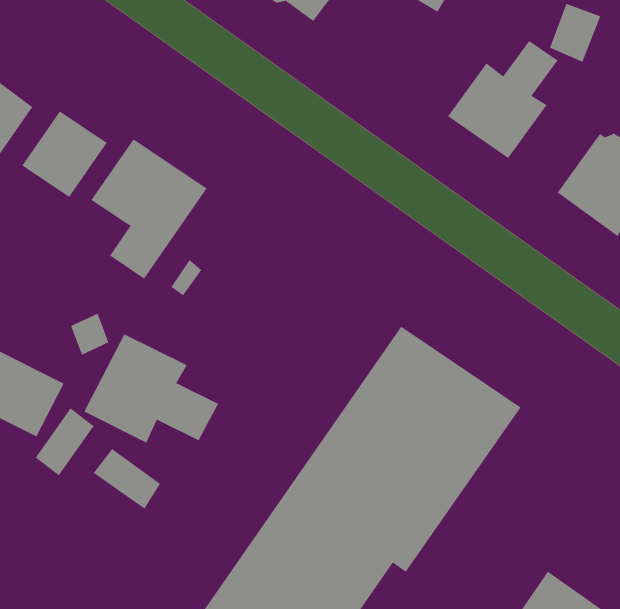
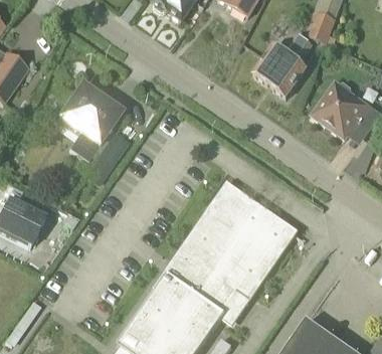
building: [21,110,108,198] -> none
building: [83,333,219,443] -> none
building: [93,448,161,510] -> none

